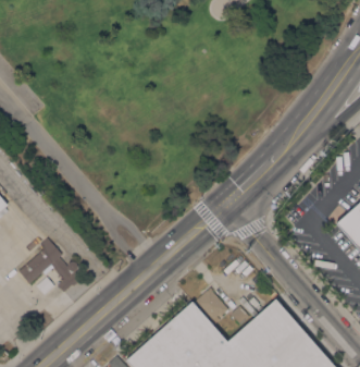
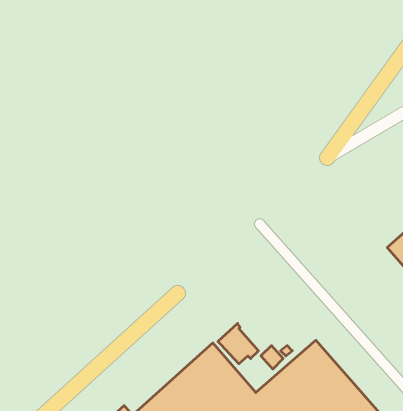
building: [20,237,80,293] -> none

